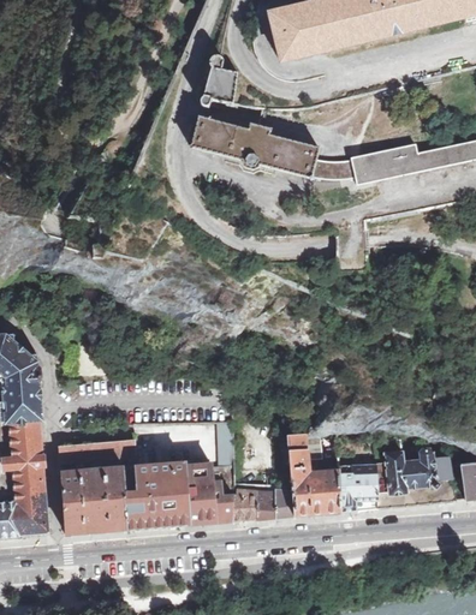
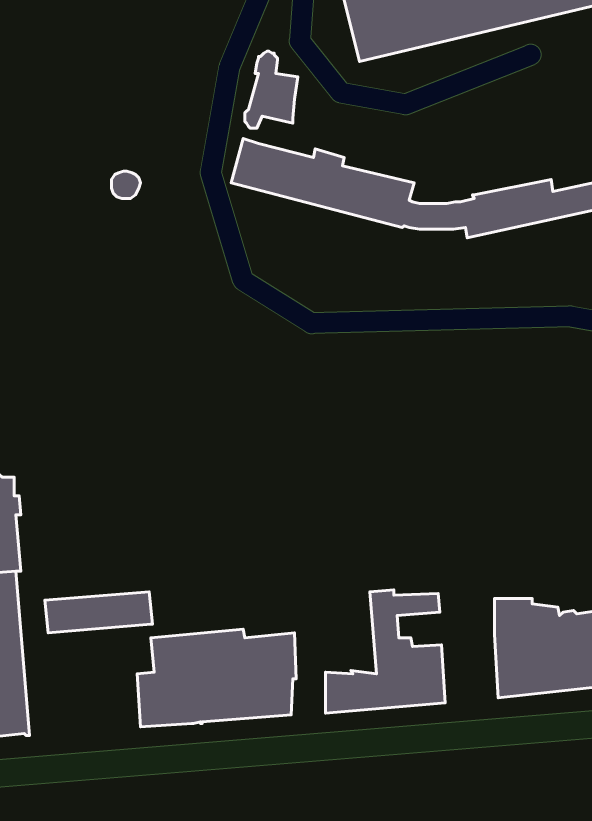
building: [338,462,377,510] -> none
building: [60,465,136,532] -> none
building: [232,488,256,519] -> none

